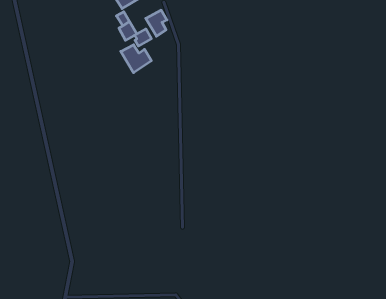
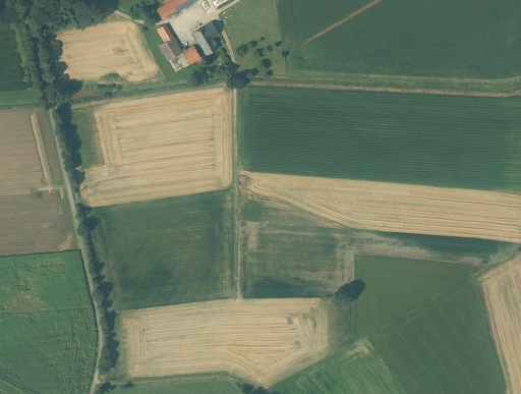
building: [121,45,151,73] -> none

